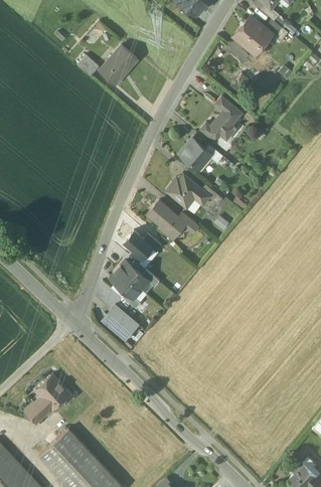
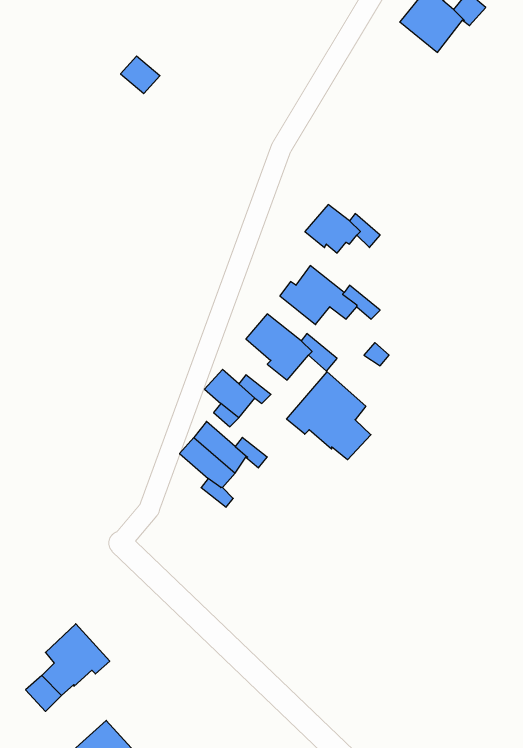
building: [100,45,138,85] -> none
building: [202,96,243,141] -> none
building: none -> [287,372,371,460]
building: [103,306,138,340] -> none

